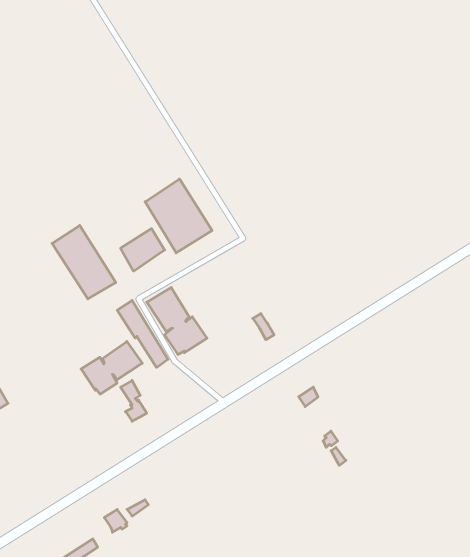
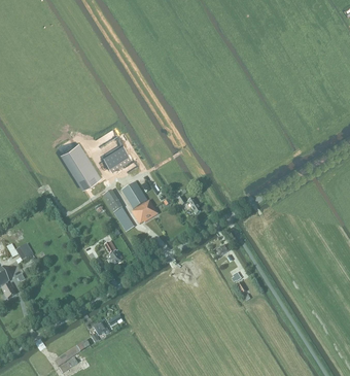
building: [145,179,212,253] -> none
building: [81,341,142,394] -> none

